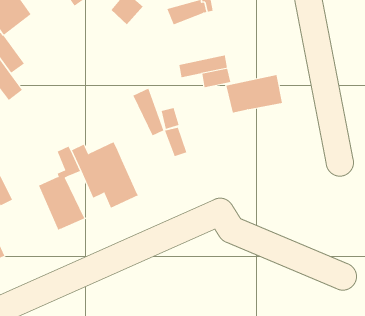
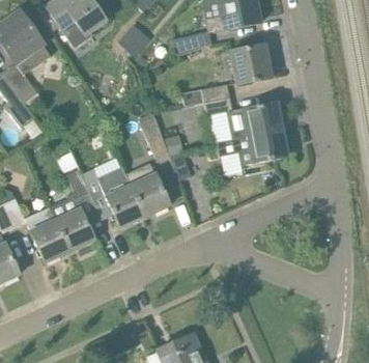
building: none -> [231,44,272,84]
building: none -> [216,129,287,164]
building: none -> [126,162,170,215]
building: none -> [31,204,69,260]

